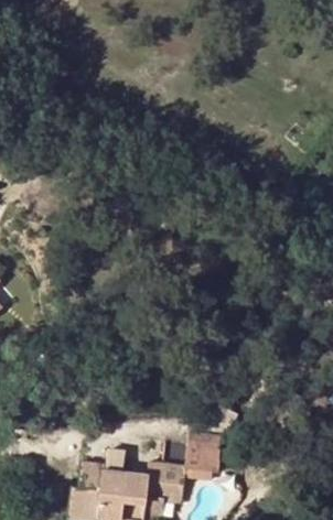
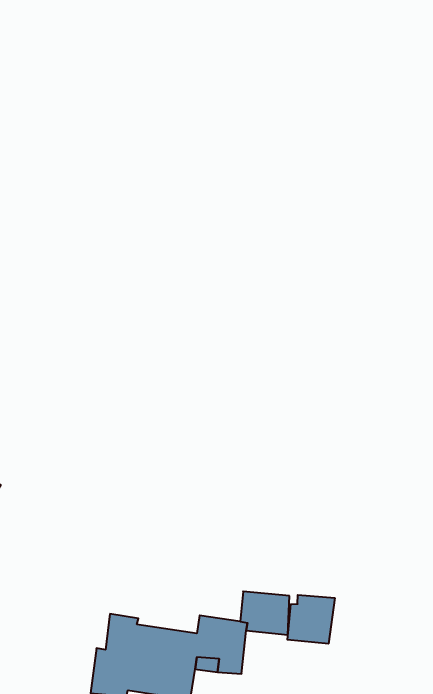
building: none -> [287,595,335,644]

